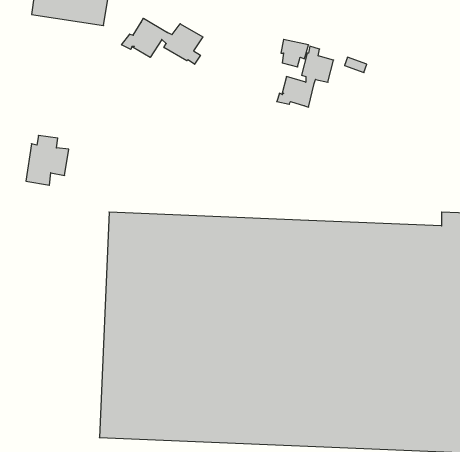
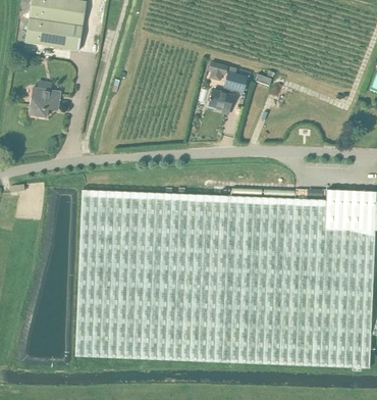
building: [122,18,203,64] -> none
building: [26,135,69,185] -> [30,81,61,117]

